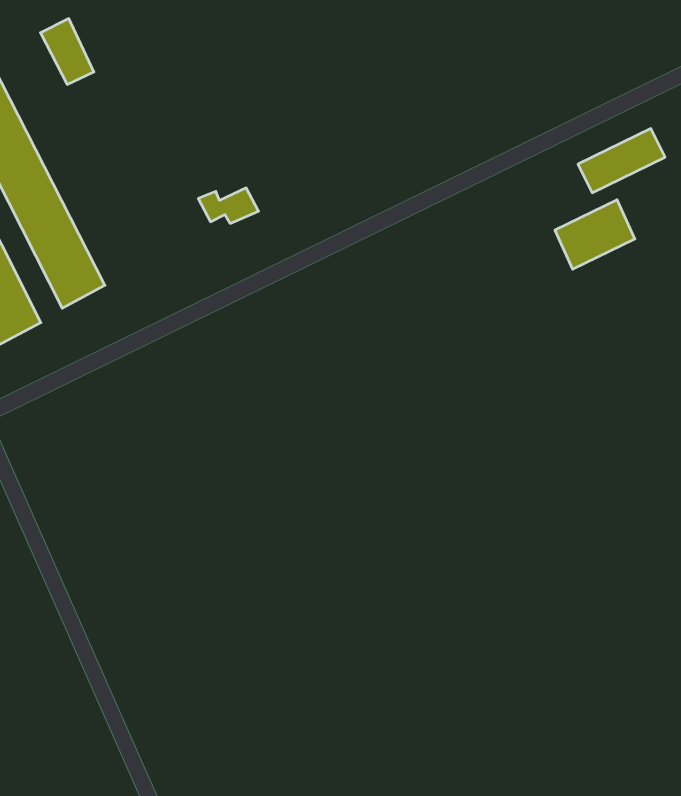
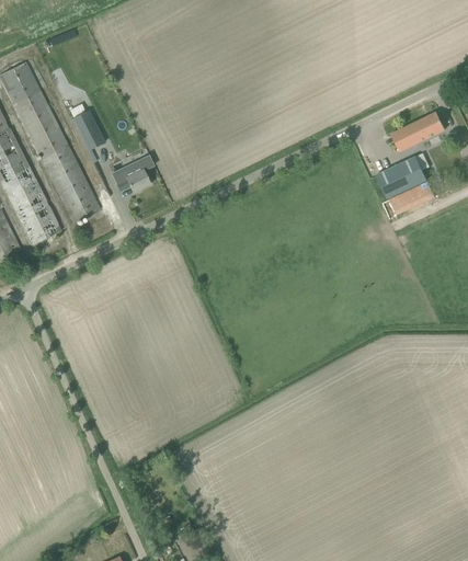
building: [40,19,94,84] -> [72,112,105,152]
building: [198,188,259,223] -> [113,169,150,191]
building: none -> [390,181,434,213]

